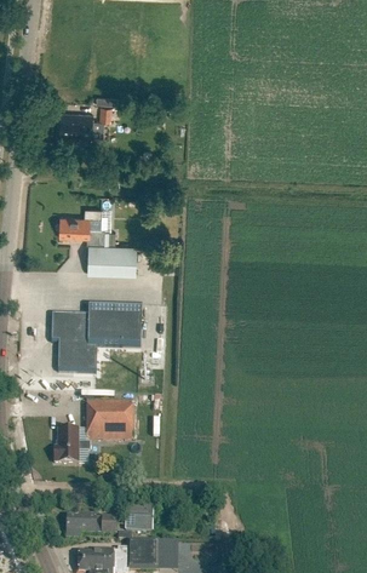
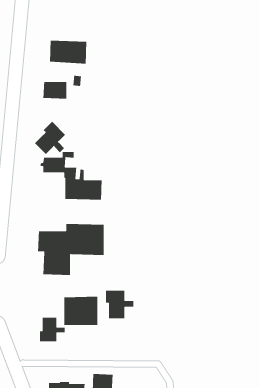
building: none -> [49,40,87,64]
building: none -> [34,121,66,155]
building: none -> [105,290,134,319]

